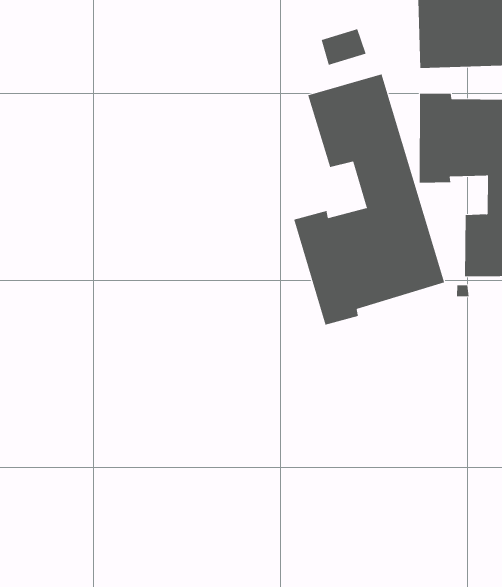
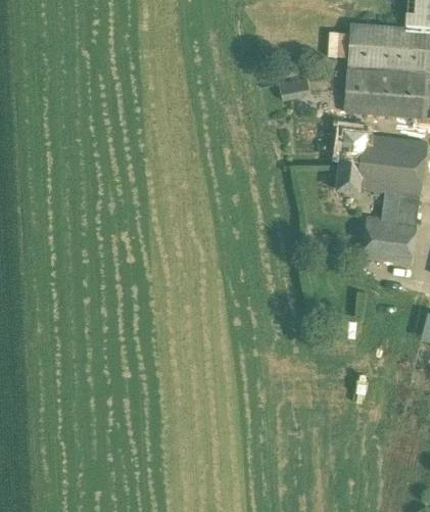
building: [293,74,445,326] -> none

